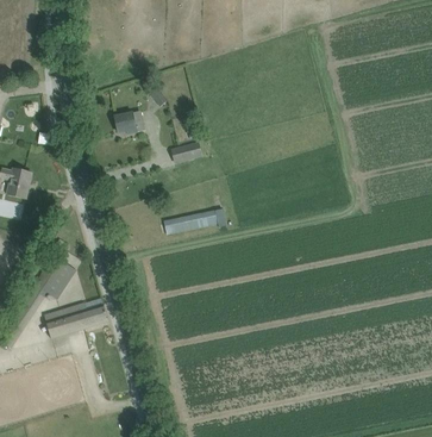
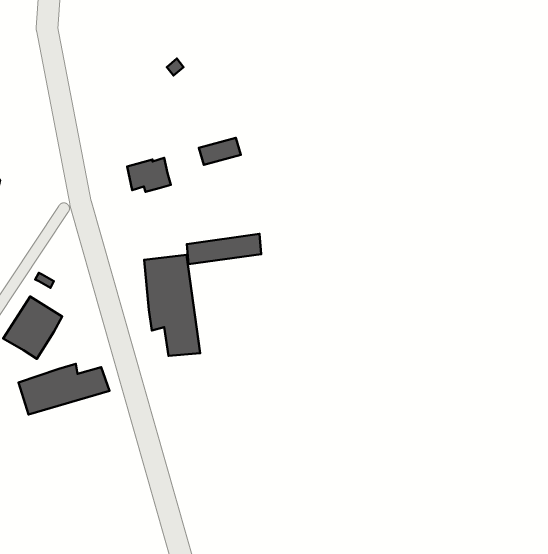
building: [114,111,145,135] -> [127,158,171,192]
building: none -> [144,255,200,356]

